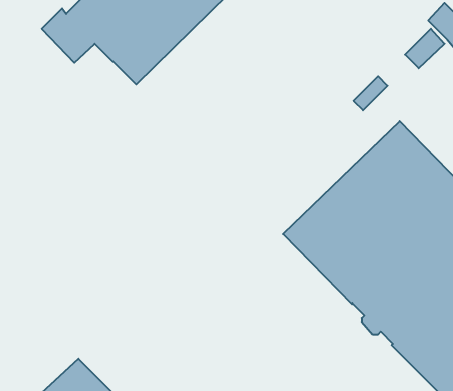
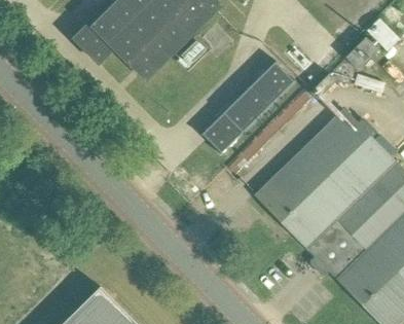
building: none -> [199,62,294,155]

